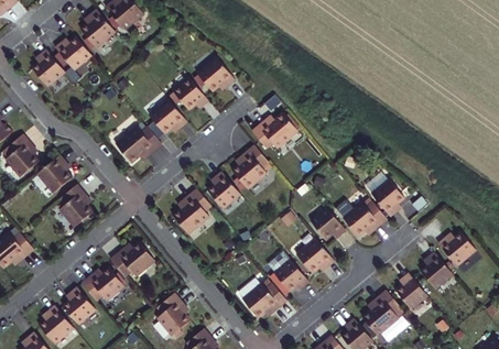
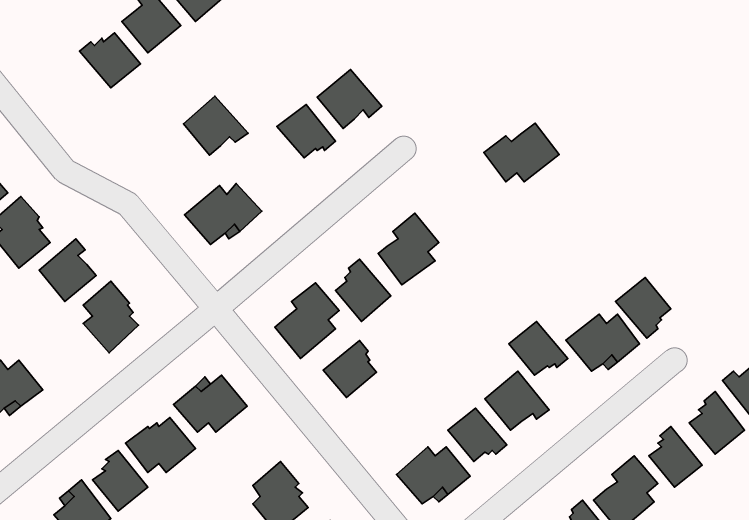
building: [30,51,63,87] -> none
building: [149,99,187,134] -> [184,96,248,155]
building: [251,112,296,148] -> [484,123,559,182]
building: none -> [323,341,377,398]

